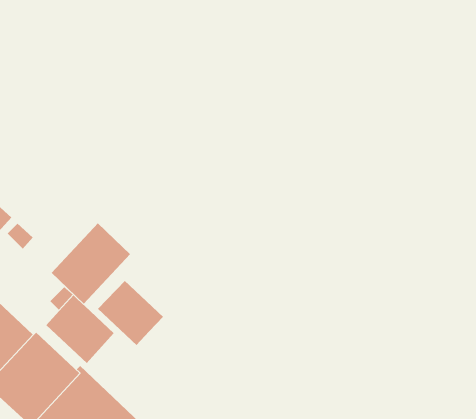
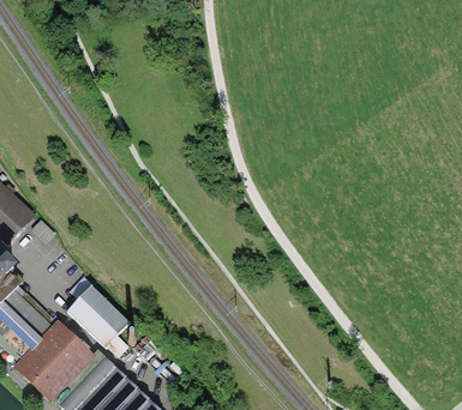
building: [51,223,131,304] -> none
building: [97,280,164,346] -> none

